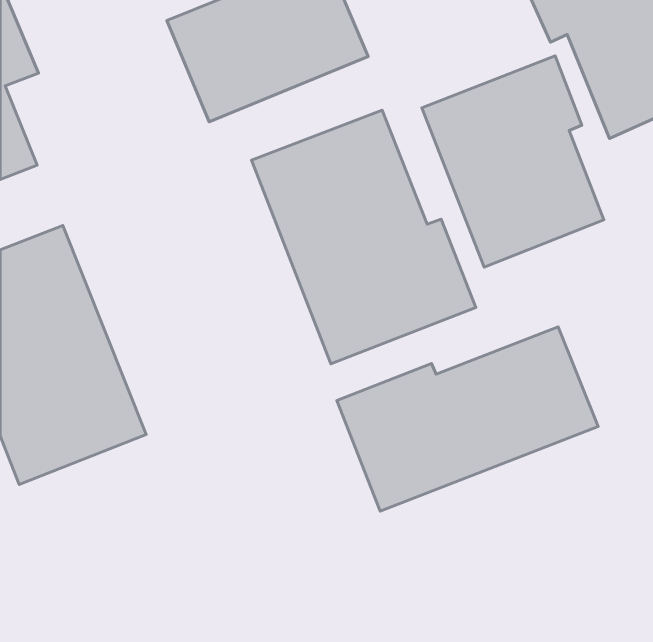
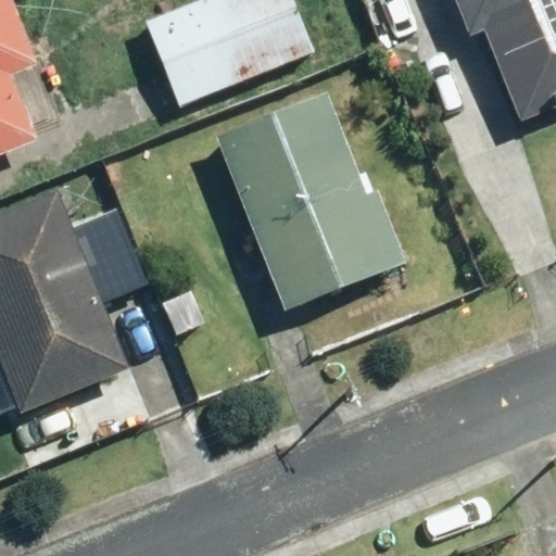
building: [422,56,604,267] -> none
building: [337,327,598,511] -> none

